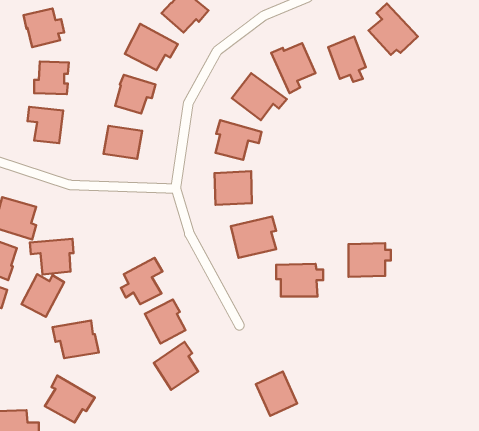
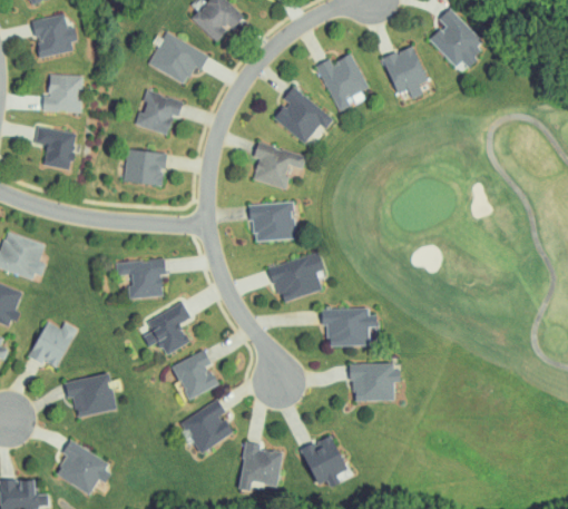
building: [30,239,73,274] -> [116,258,166,300]
building: [348,243,391,277] -> [351,363,400,402]
building: none -> [237,442,282,492]

